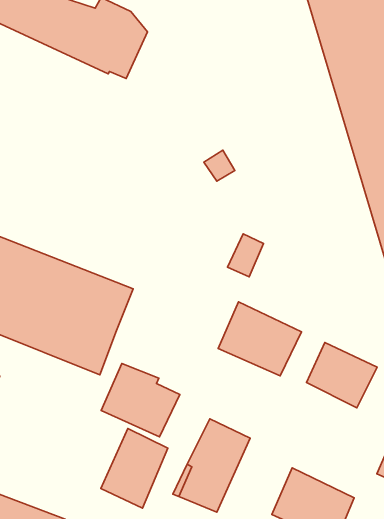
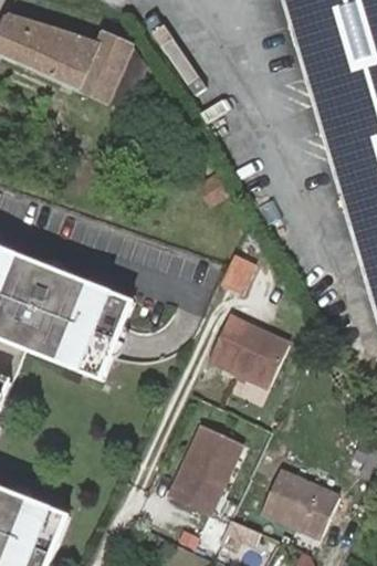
building: [306,343,377,408] -> none
building: [101,364,180,437] -> none
building: [101,429,168,508] -> none

